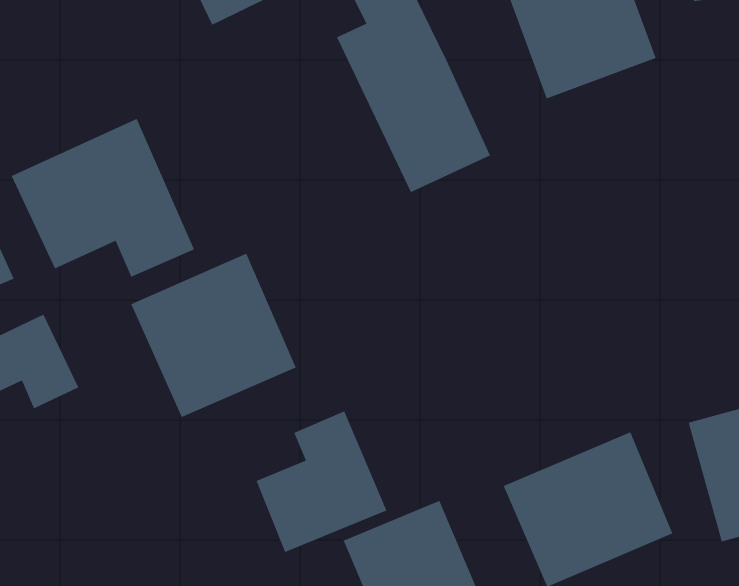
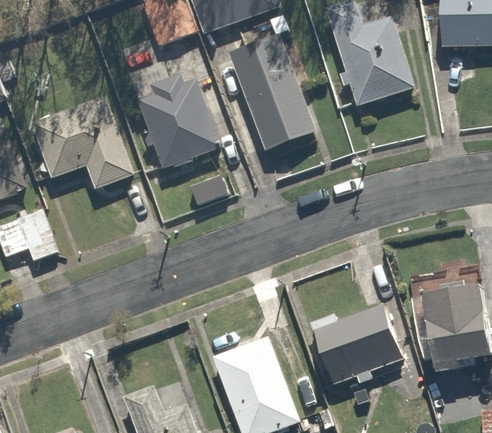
building: none -> [127,51,225,171]
building: [131,253,296,418] -> none
building: [256,411,387,553] -> none

